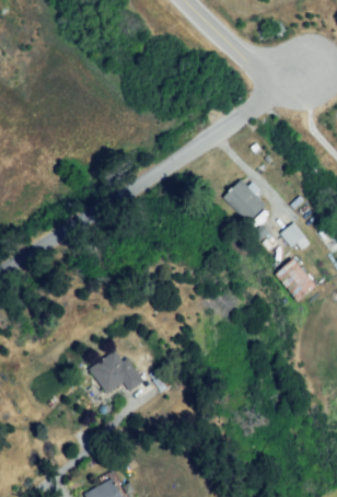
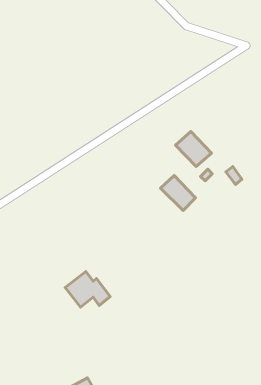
building: [275,257,317,300] -> [161,176,196,210]

